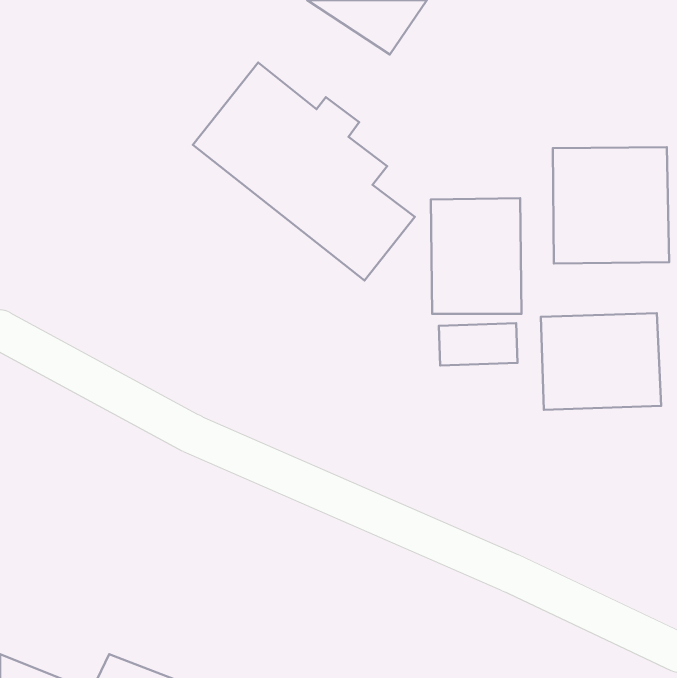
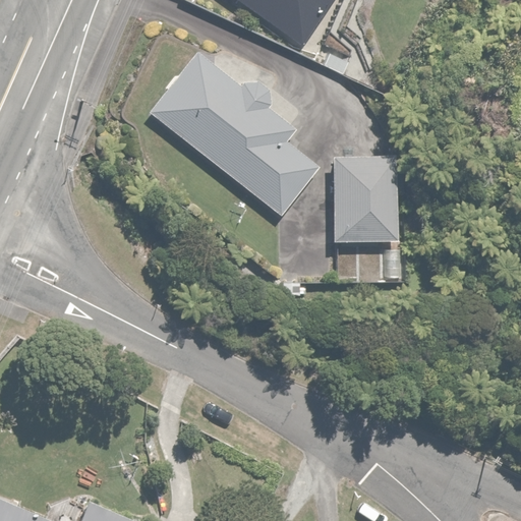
building: [553,147,669,263] -> none
building: [541,313,661,410] -> none

